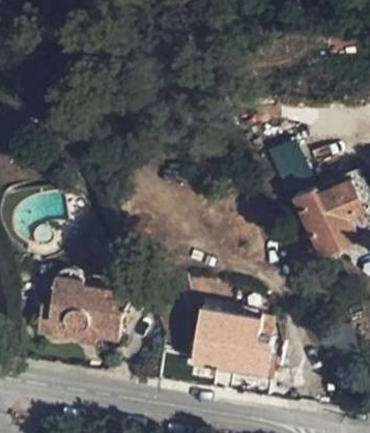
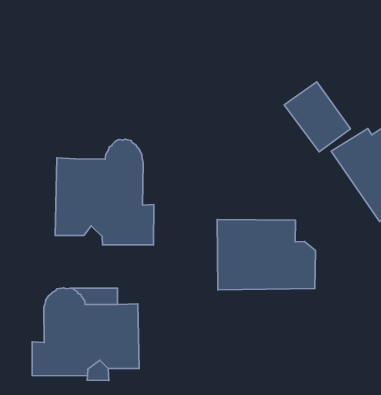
building: none -> [55,139,154,245]
building: [192,307,272,372] -> [217,220,315,290]

